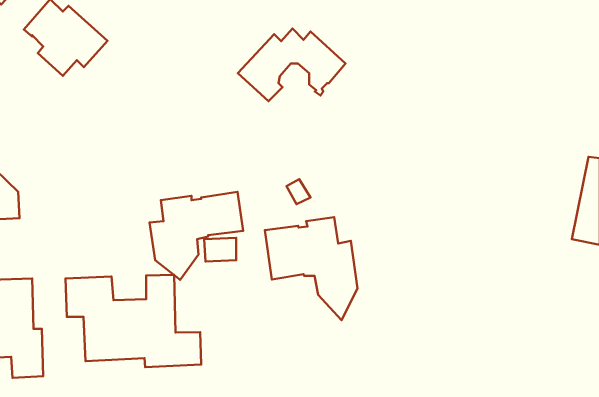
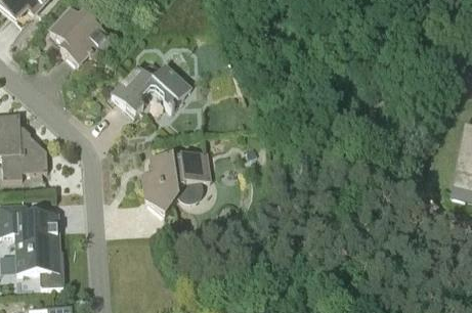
building: [238,29,346,101] -> [111,62,189,116]
building: [265,217,357,320] -> none
building: [65,275,201,367] -> none

